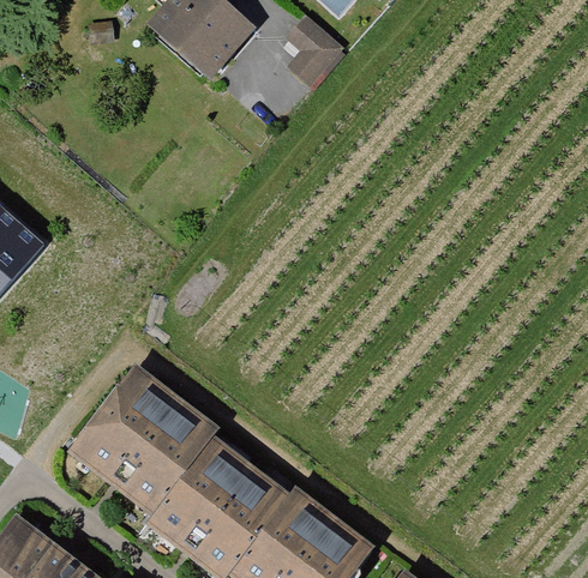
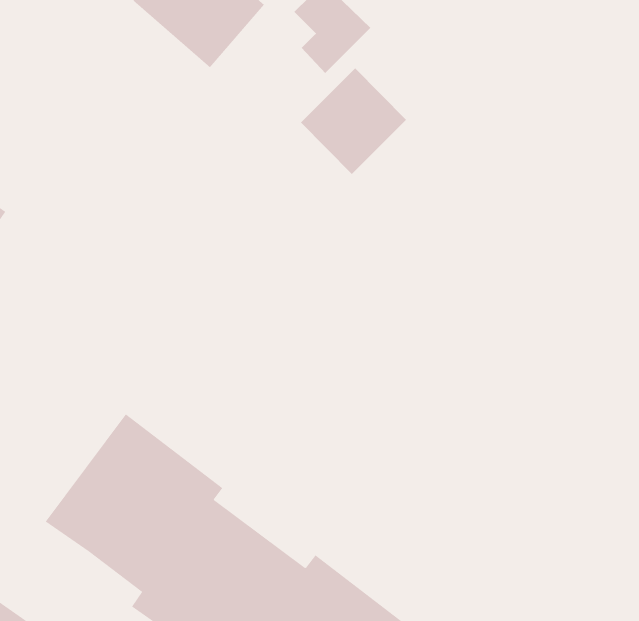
building: none -> [300,68,407,175]

